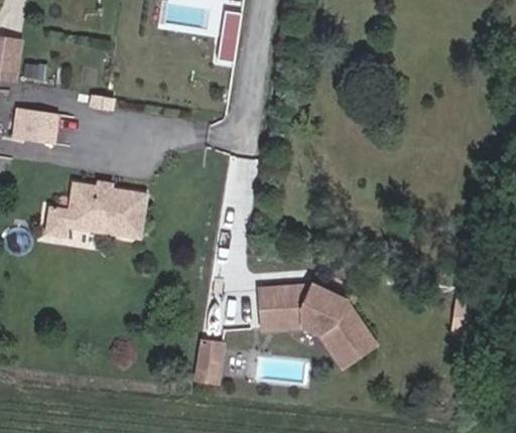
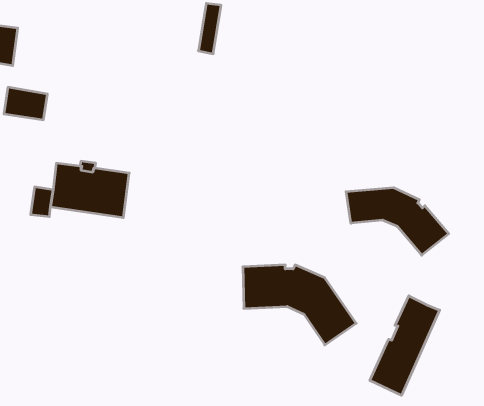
building: none -> [346,188,449,255]
building: none -> [370,296,440,395]
building: [191,347,222,392] -> none

